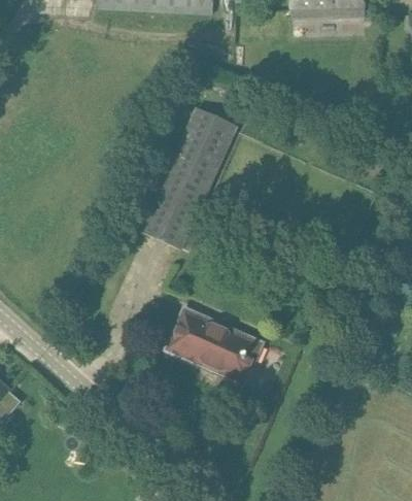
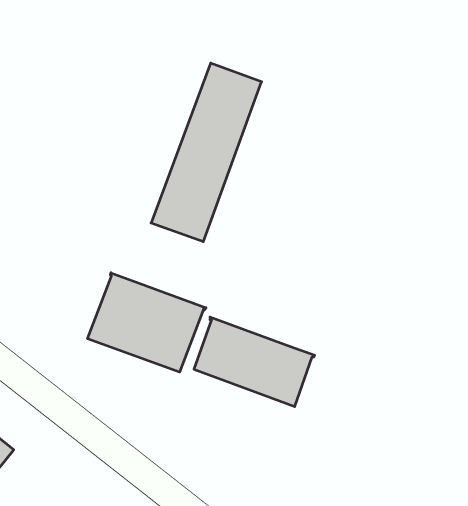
building: none -> [88,273,206,372]

